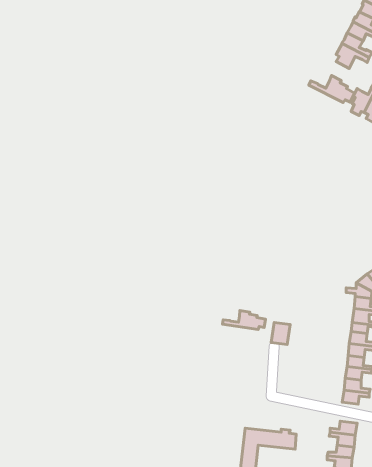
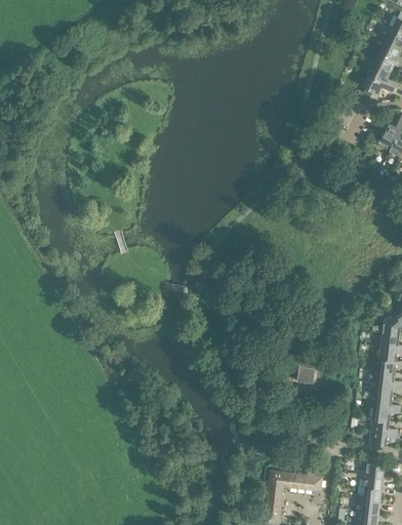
building: [309,76,355,103] -> none
building: [223,311,265,329] -> none

